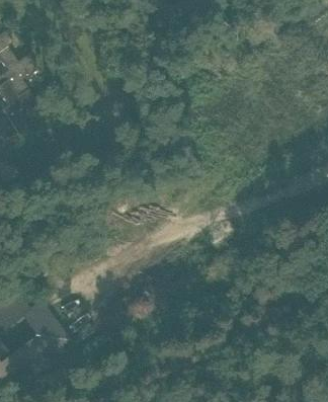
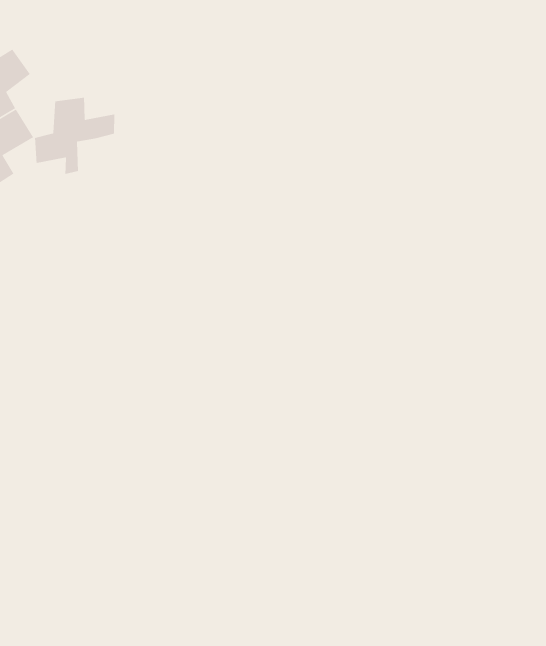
building: none -> [34,97,115,175]

